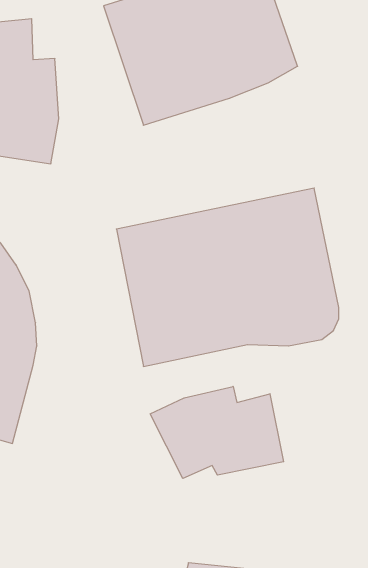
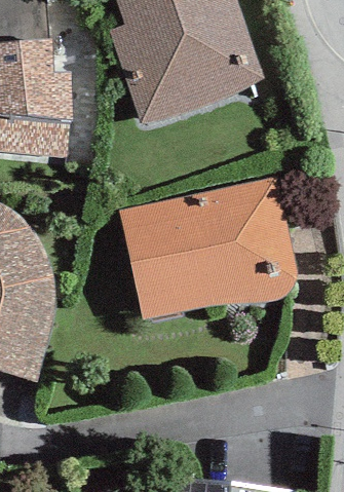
building: [150,386,284,478] -> none

